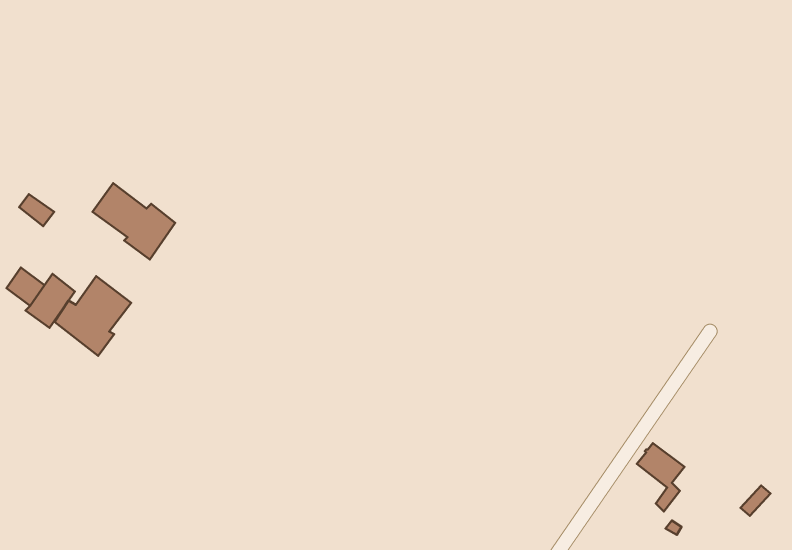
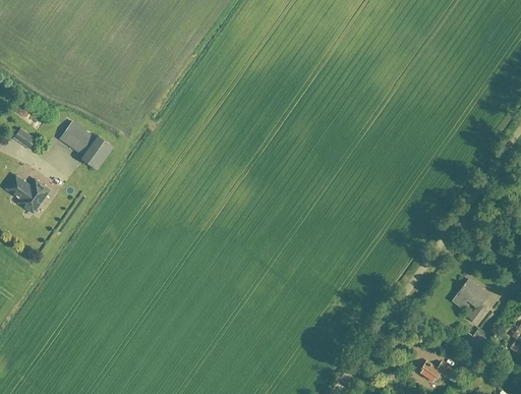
building: [54,276,131,356] -> none
building: [637,443,685,511] -> [458,279,488,323]

